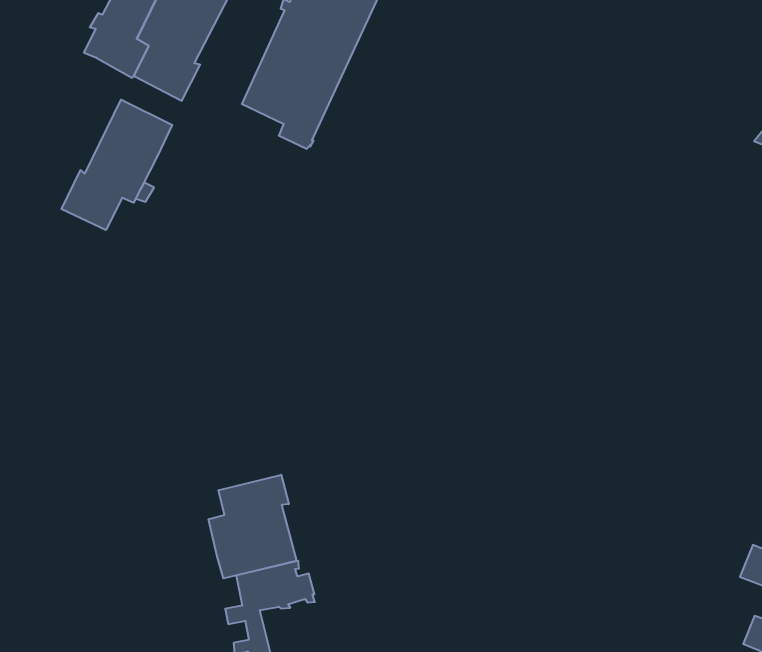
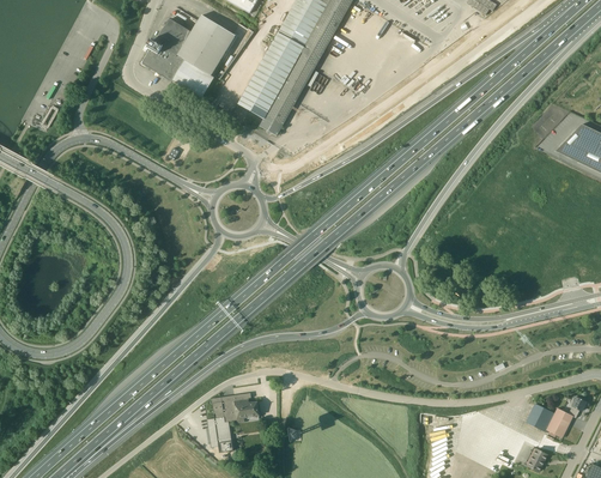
building: [61,100,172,230] -> none
building: [208,475,296,578] -> none

